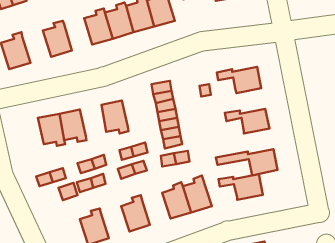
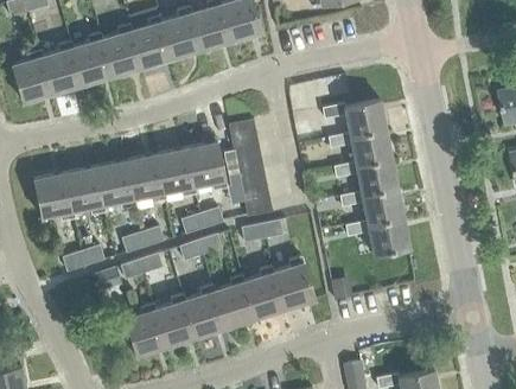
building: none -> [103,24,144,76]
building: none -> [43,42,84,94]
building: none -> [329,130,393,167]
building: none -> [186,142,227,189]
building: none -> [126,154,165,202]
building: none -> [34,173,75,219]
building: [218,174,263,200] -> [340,189,404,225]
building: none -> [215,275,256,327]
building: none -> [155,294,197,346]

